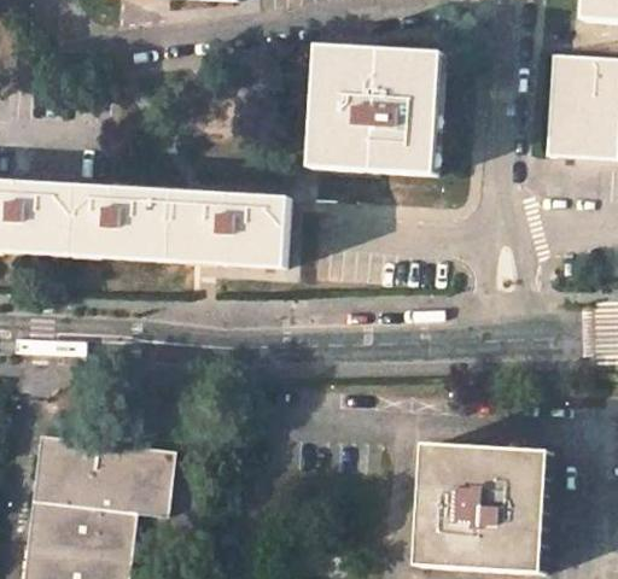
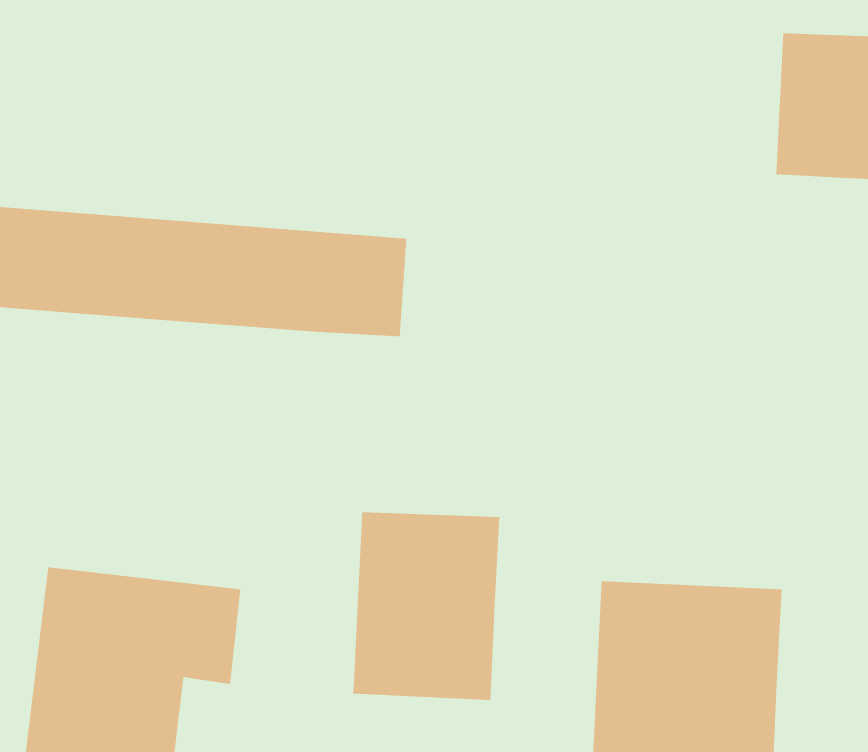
building: [315,48,444,177] -> none
building: none -> [353,511,500,701]

